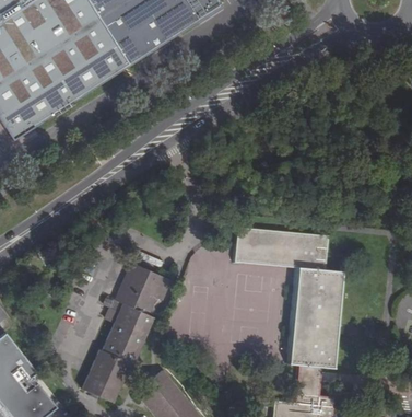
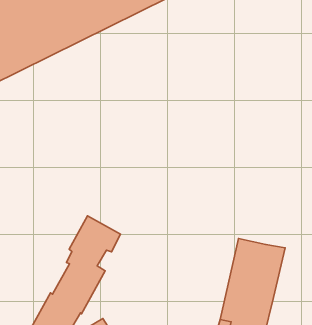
building: [233,230,327,273] -> none

